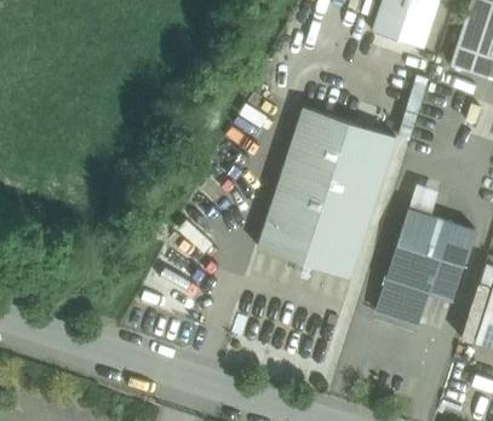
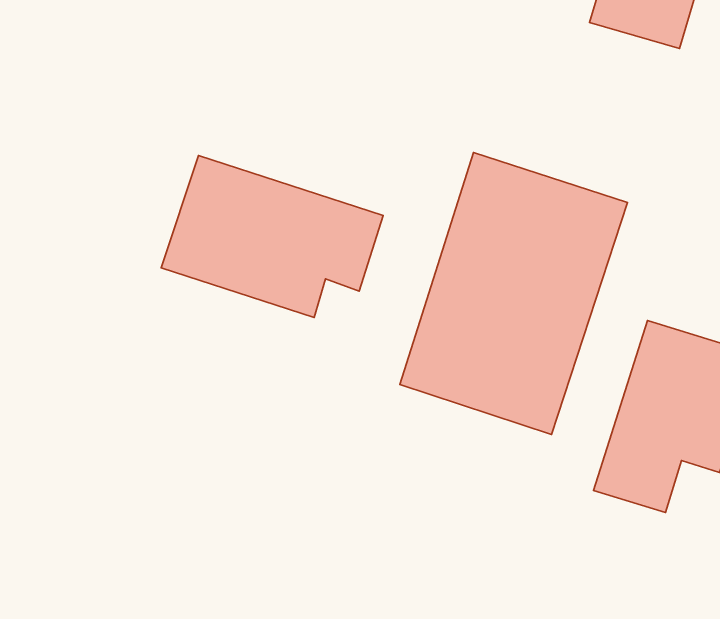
building: none -> [161,156,383,317]

